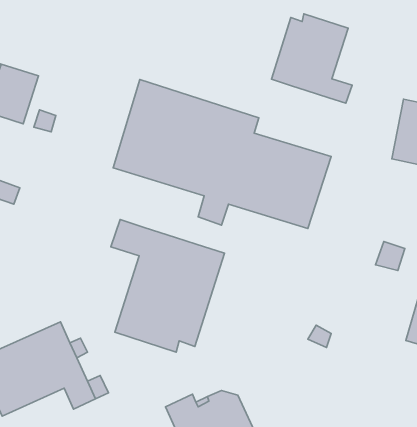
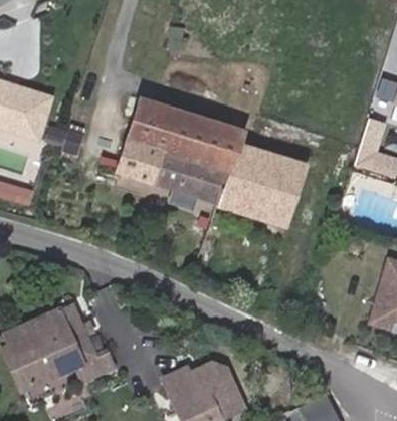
building: [271,14,352,103] -> none
building: [111,220,224,352] -> none

